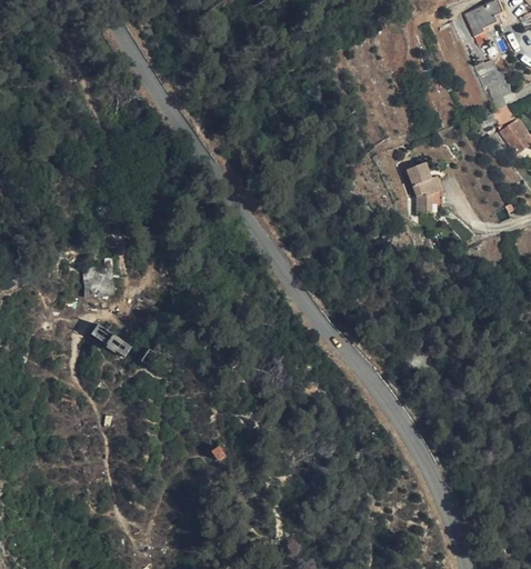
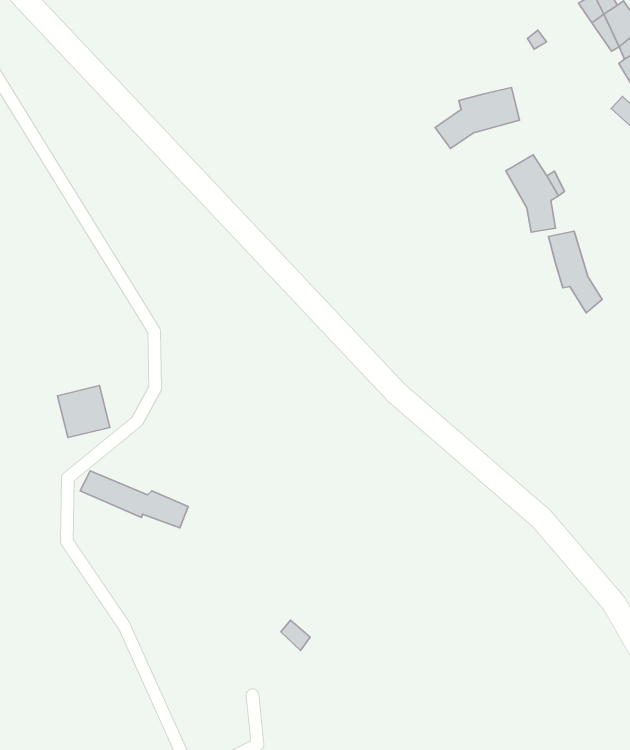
building: none -> [435,87,519,148]
building: none -> [548,231,602,313]

